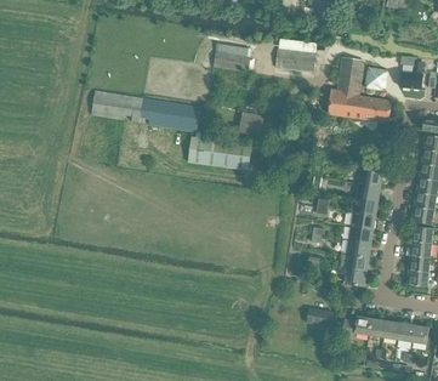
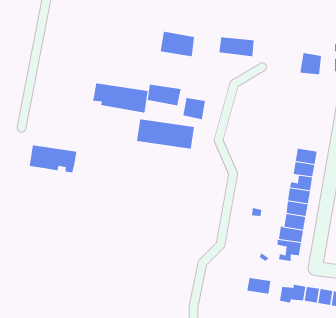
building: [328,57,391,121] -> none
building: [91,91,143,121] -> [29,145,77,173]
building: none -> [147,84,181,106]

